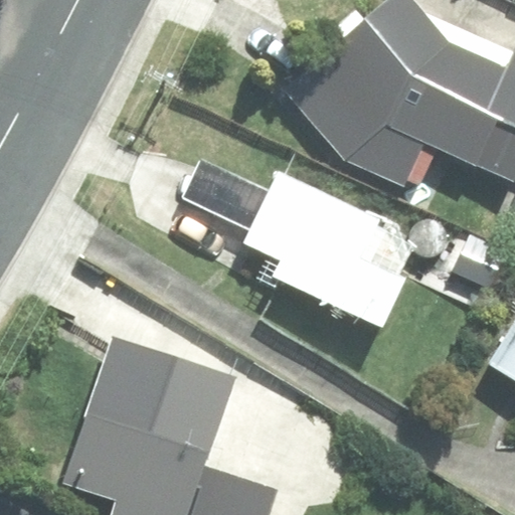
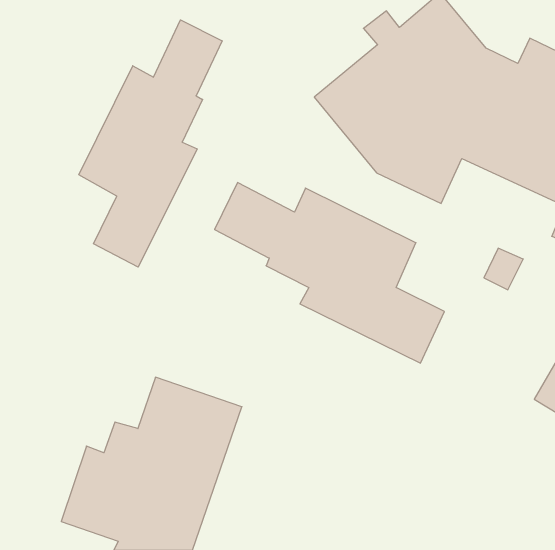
building: none -> [79,20,222,267]

